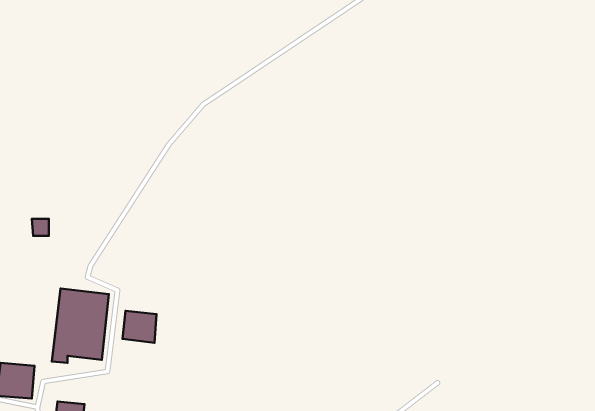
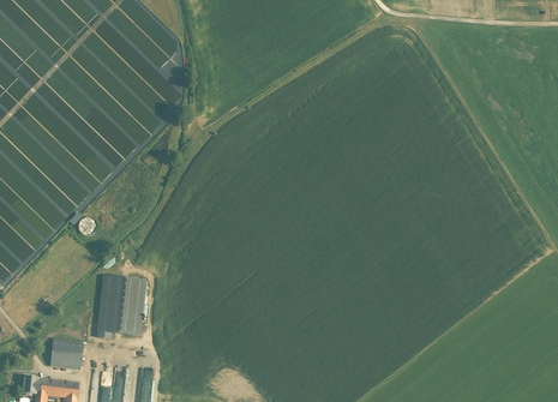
building: [122,311,157,343] -> none

